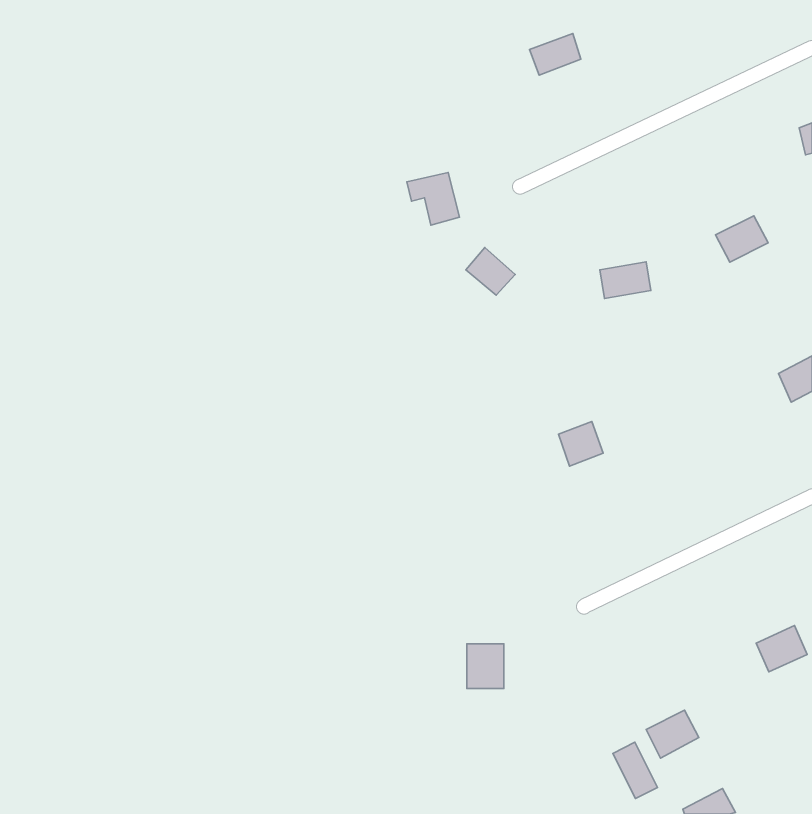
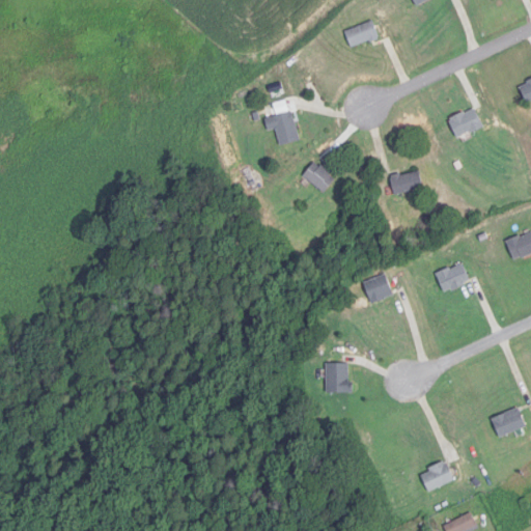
building: [716,216,768,262] -> [448,108,482,138]
building: none -> [436,263,469,292]
building: [467,644,504,688] -> [326,363,350,392]
building: [613,742,658,799] -> none

